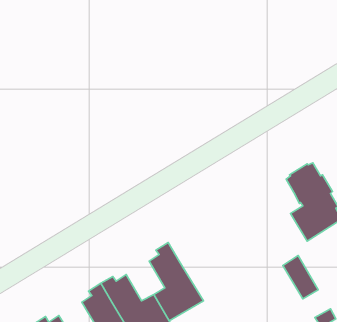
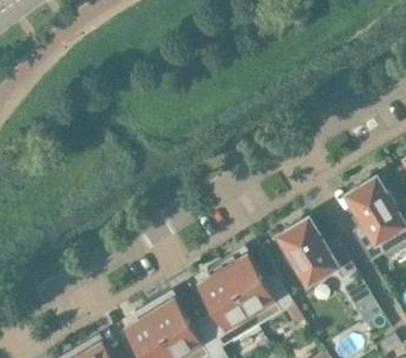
building: none -> [279,218,356,283]
building: none -> [220,255,294,327]

